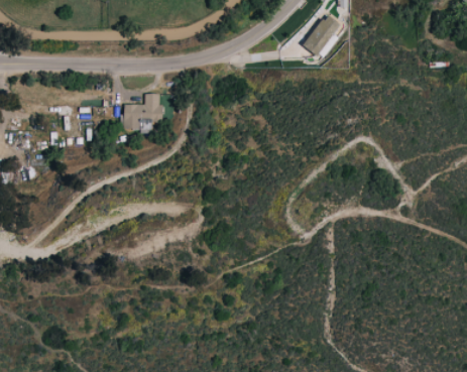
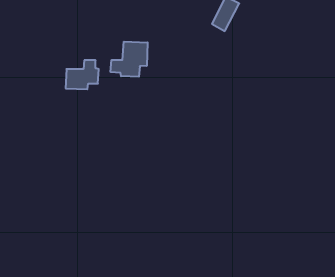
building: none -> [111,42,148,77]

